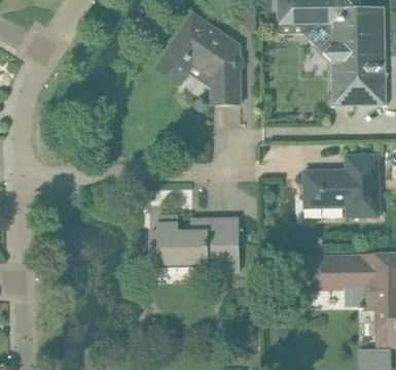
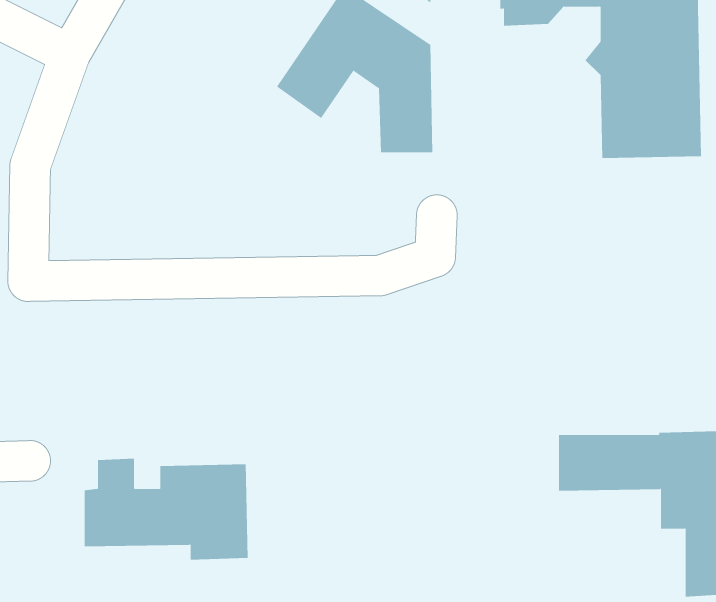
building: [303,155,380,216] -> none
building: [150,215,240,271] -> [84,458,248,560]

